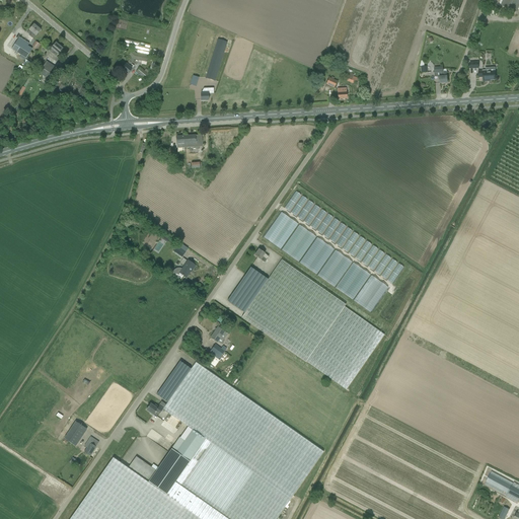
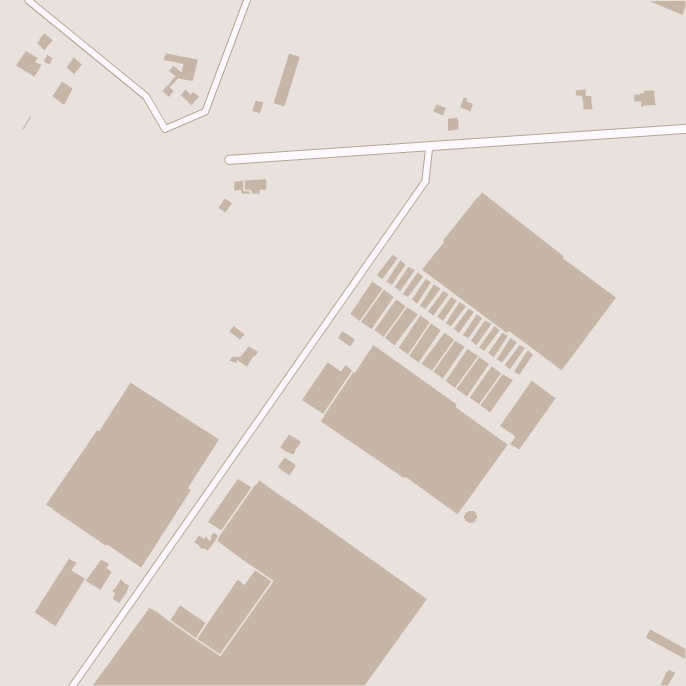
building: none -> [421,191,617,371]
building: none -> [499,379,557,450]
building: none -> [45,381,220,569]
building: none -> [34,558,86,627]

